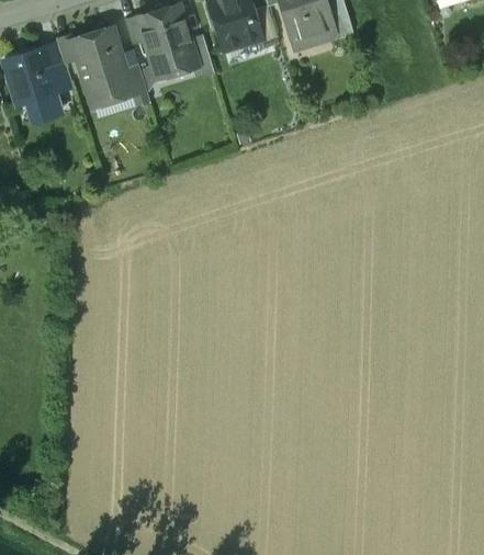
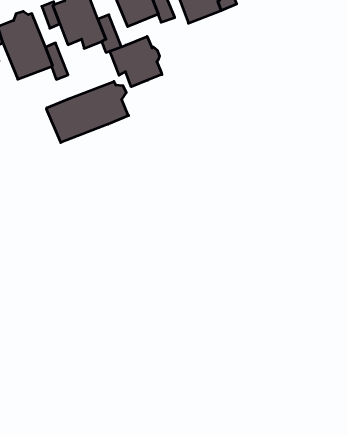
building: none -> [110,36,162,87]
building: none -> [47,81,129,143]

